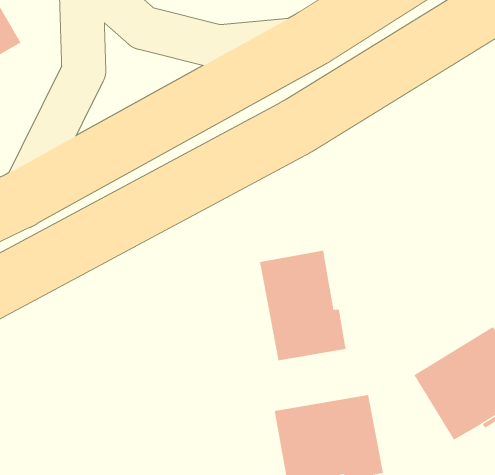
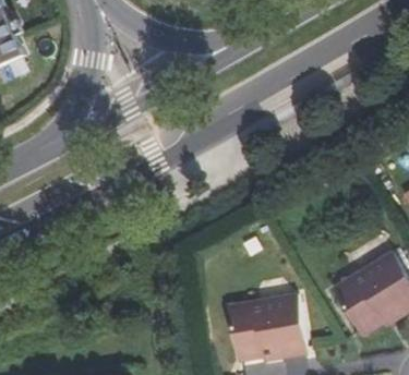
building: [260,250,346,361] -> none

